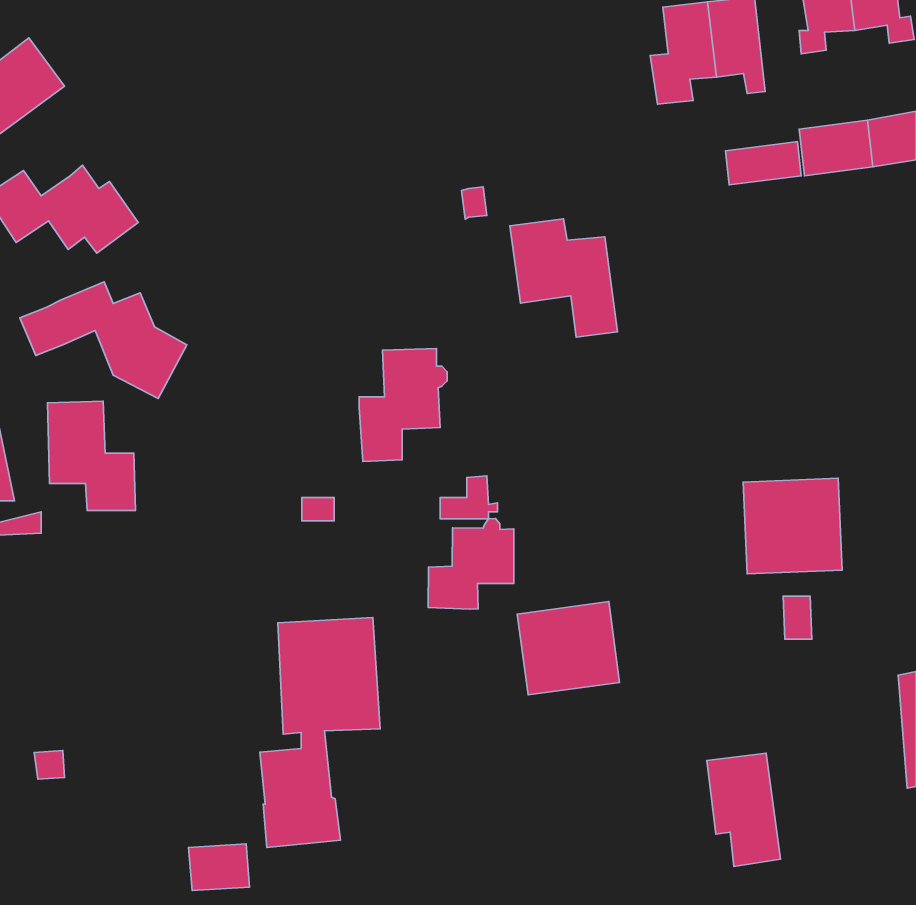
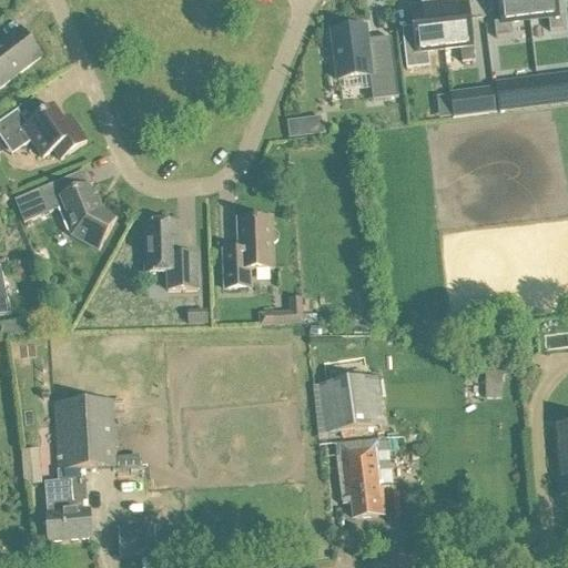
building: [510,219,617,337] -> [331,23,397,97]
building: [48,401,136,511] -> [142,217,196,285]
building: [743,478,842,574] -> none
building: [428,519,514,609] -> none
building: [260,618,380,847] -> [42,395,116,537]
building: [707,753,780,866] -> [338,445,384,515]

